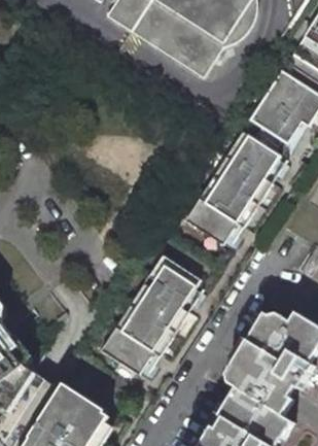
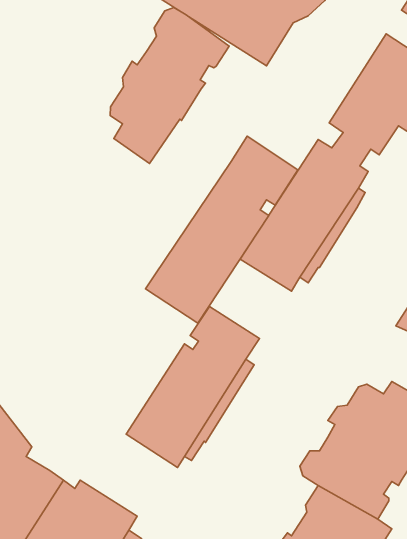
building: none -> [110,7,229,164]
building: none -> [146,136,298,323]

